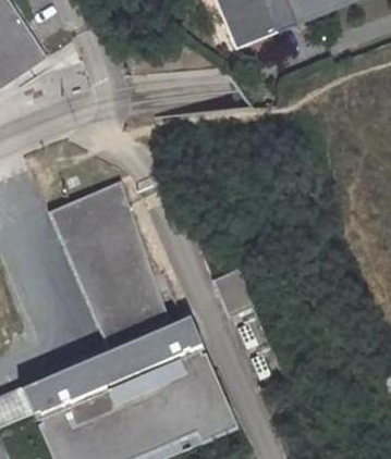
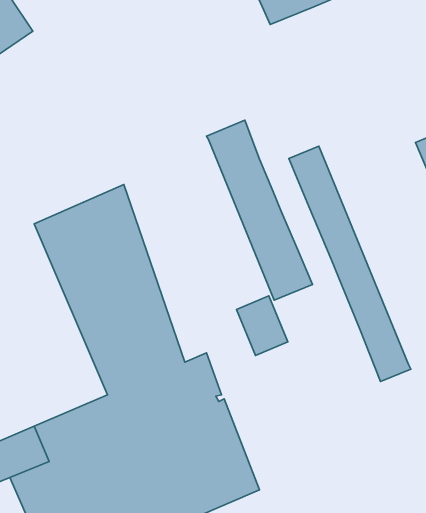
building: none -> [207,120,313,300]
building: none -> [289,146,411,382]

